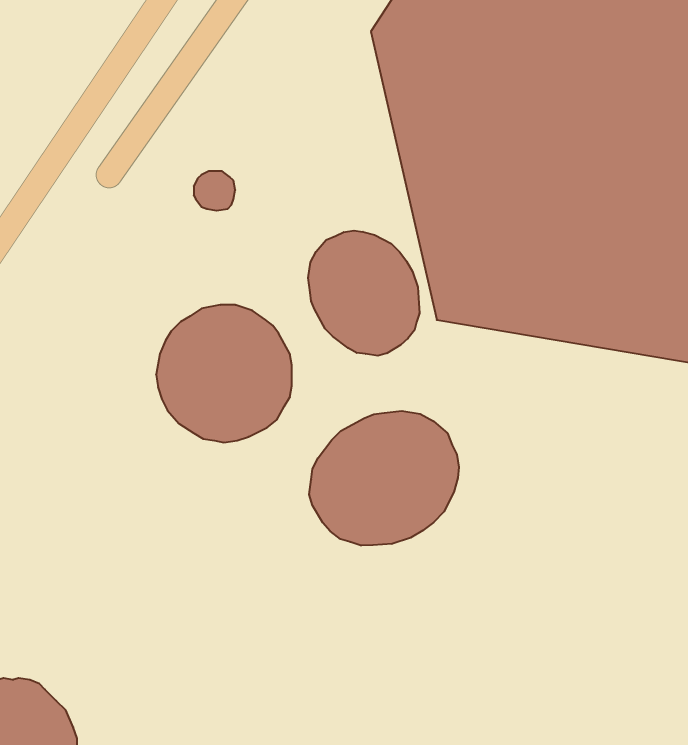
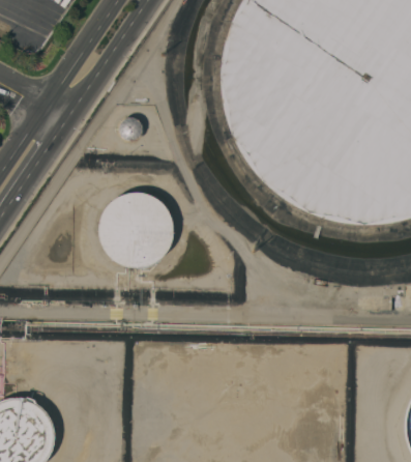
building: [308,231,419,356] -> none
building: [309,411,459,546] -> none

